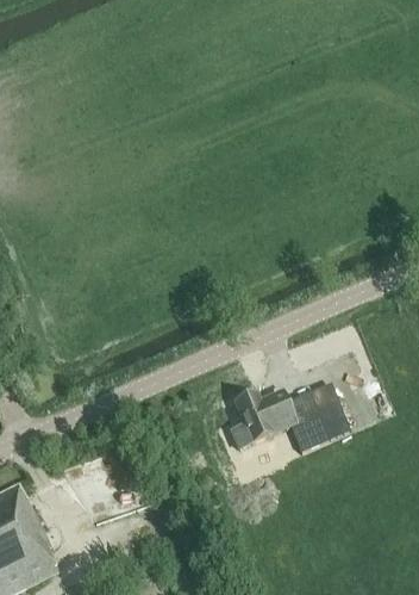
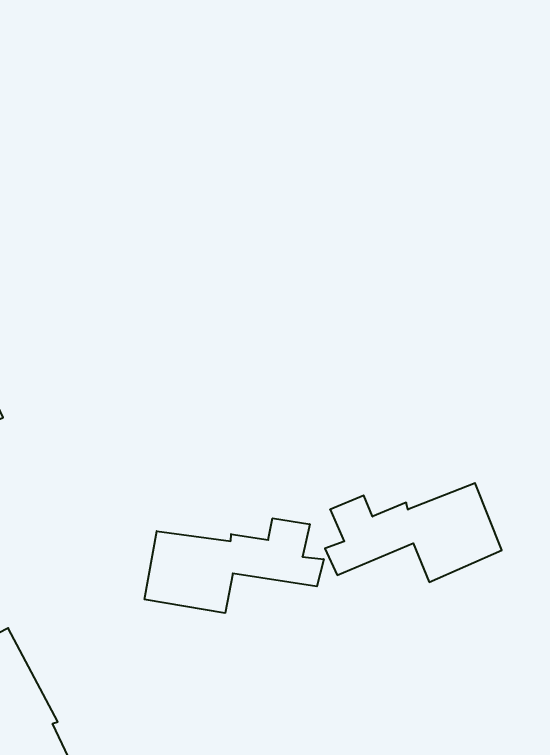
building: none -> [145,518,324,613]

